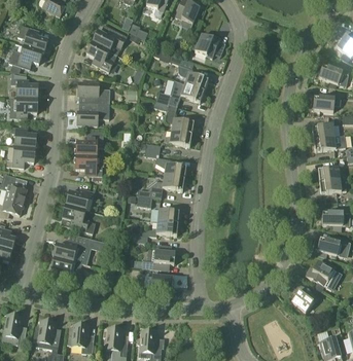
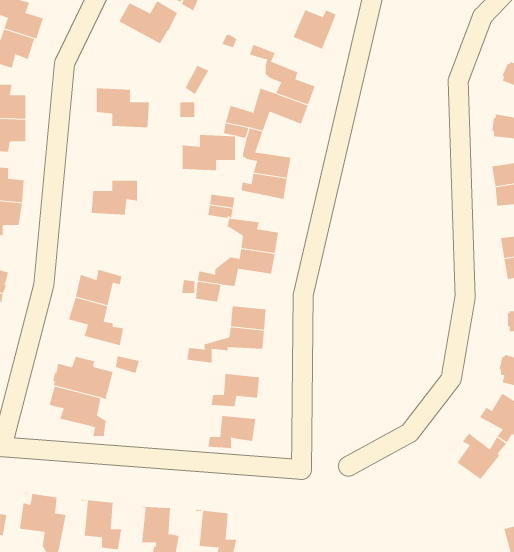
building: [86,41,116,71] -> none
building: [77,103,109,124] -> [182,134,236,171]
building: [75,154,104,179] -> none

